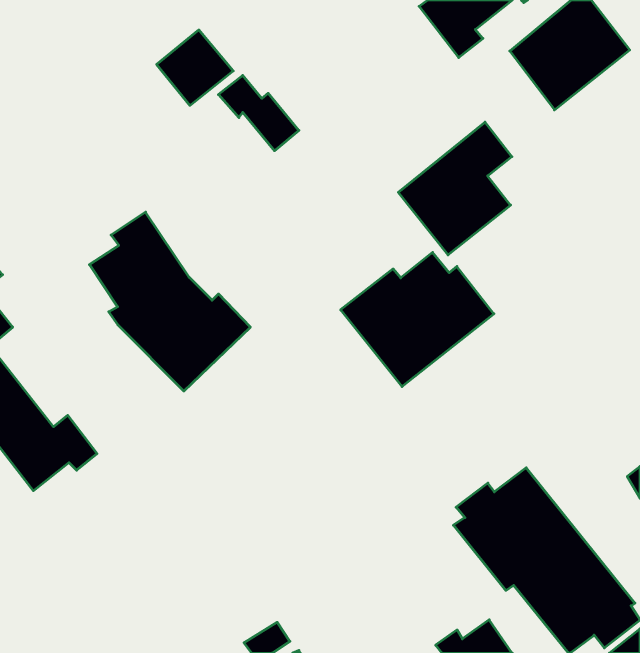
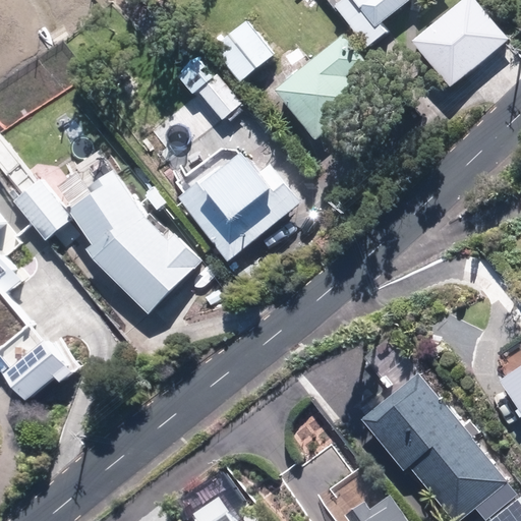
building: [157,30,233,105] -> [212,21,273,81]
building: [398,122,512,255] -> [275,34,365,139]
building: none -> [7,180,66,241]
building: [341,252,494,387] -> [178,152,300,258]

